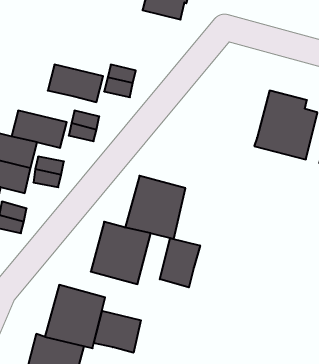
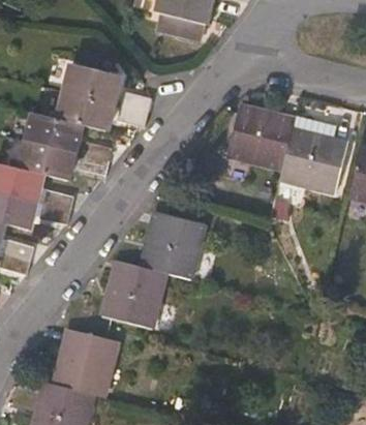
building: none -> [63,63,122,103]
building: none -> [227,104,296,170]
building: none -> [24,113,84,153]
building: [160,238,200,287] -> none
building: [94,311,141,353] -> none

